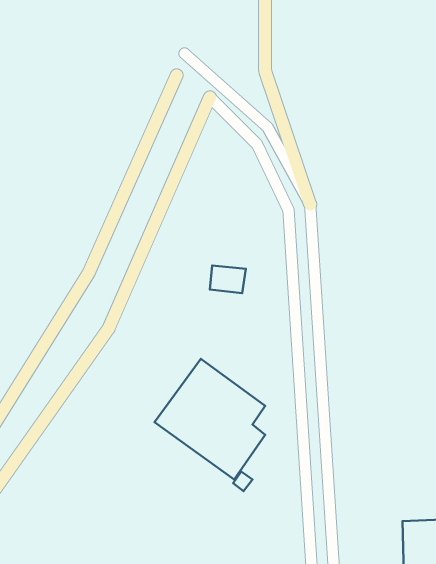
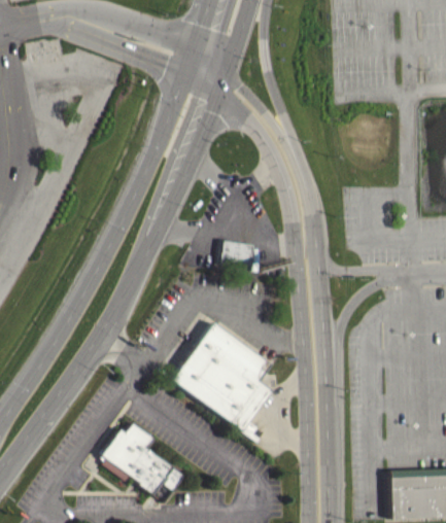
building: none -> [101,422,184,503]

